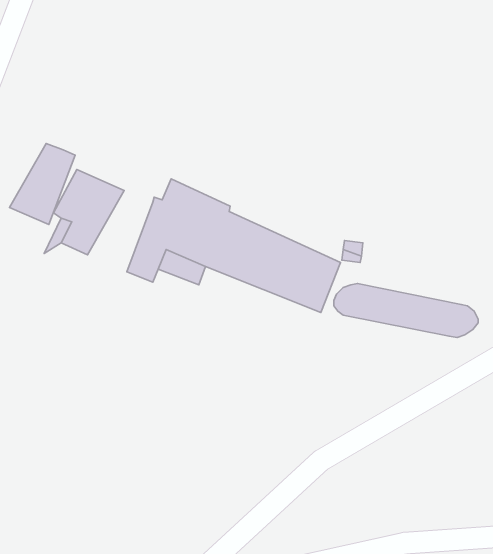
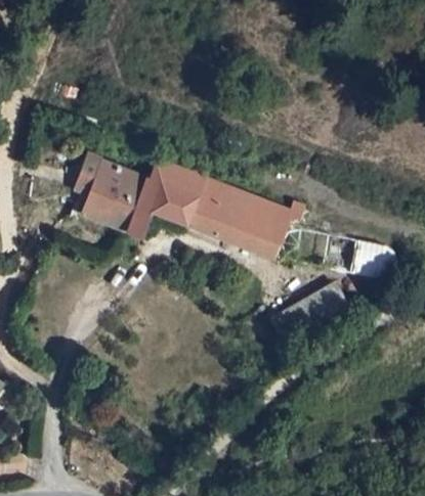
building: [10,143,75,225] -> [95,165,146,228]
building: none -> [270,288,345,343]

